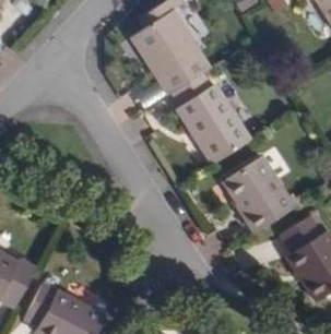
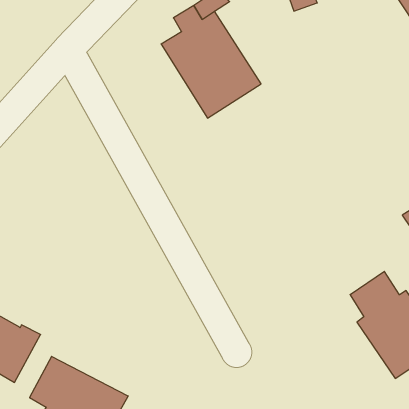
building: [177,86,249,165] -> none
building: [224,158,295,234] -> none

